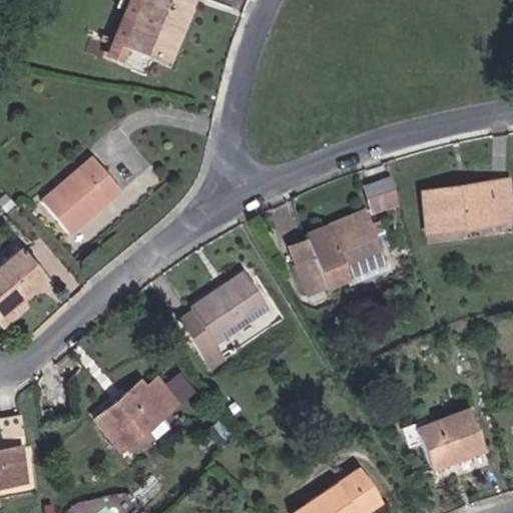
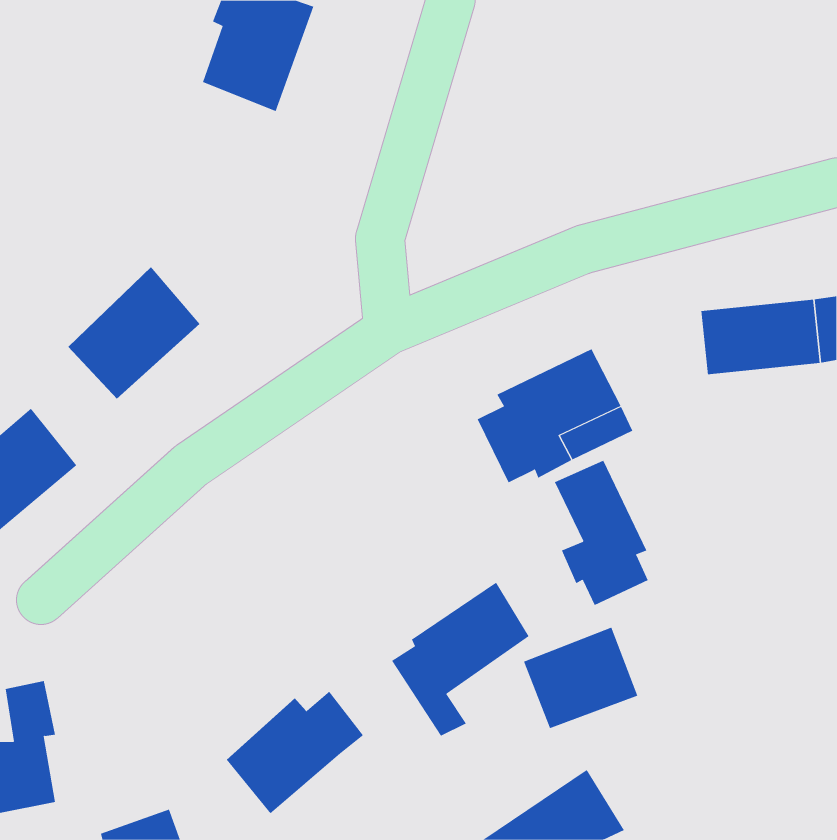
building: [361,174,399,212] -> none
building: [182,274,267,368] -> [391,582,529,737]
building: none -> [554,460,648,606]
building: [94,378,178,453] -> [226,691,364,814]
building: [419,406,489,468] -> [523,627,638,729]

